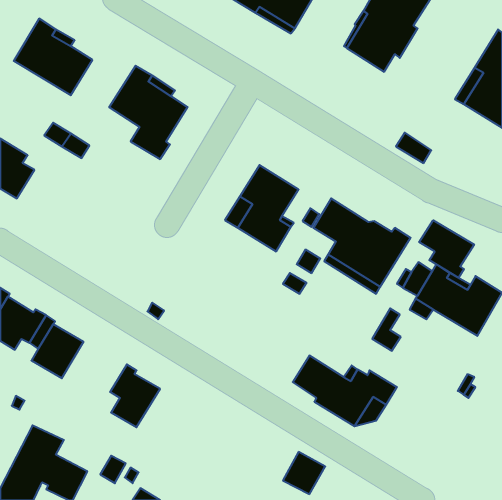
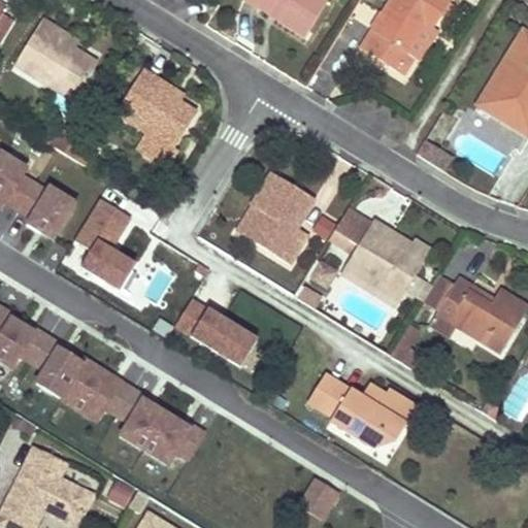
building: none -> [18,178,73,232]
building: none -> [76,200,139,290]
building: [419,220,474,278] -> none
building: none -> [176,299,259,366]
building: none -> [63,357,133,423]
building: none -> [143,408,206,463]

